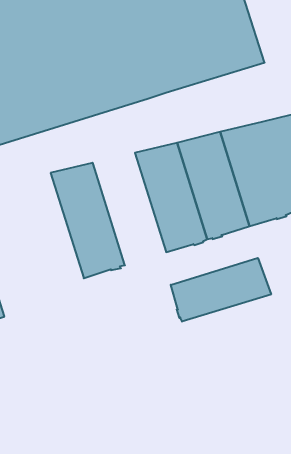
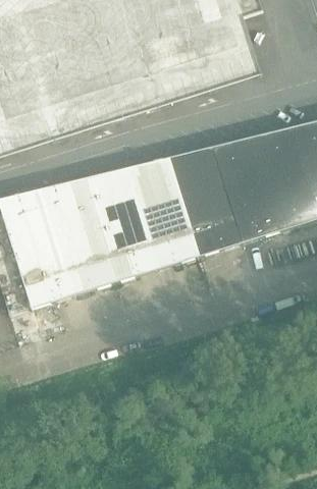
building: none -> [95,163,169,277]
building: none -> [9,183,86,305]
building: [171,258,271,322] -> none

